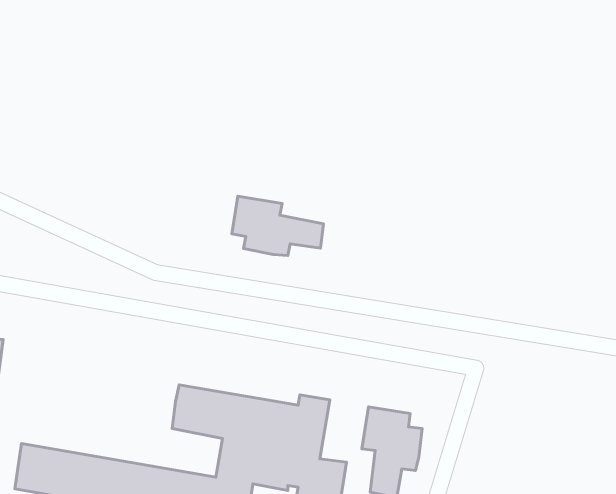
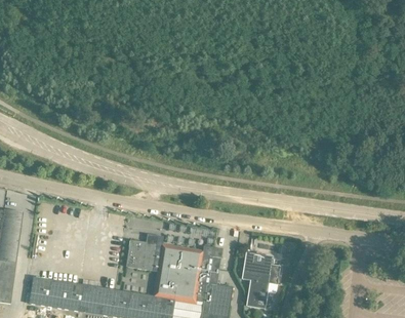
building: [232,196,324,256] -> none

